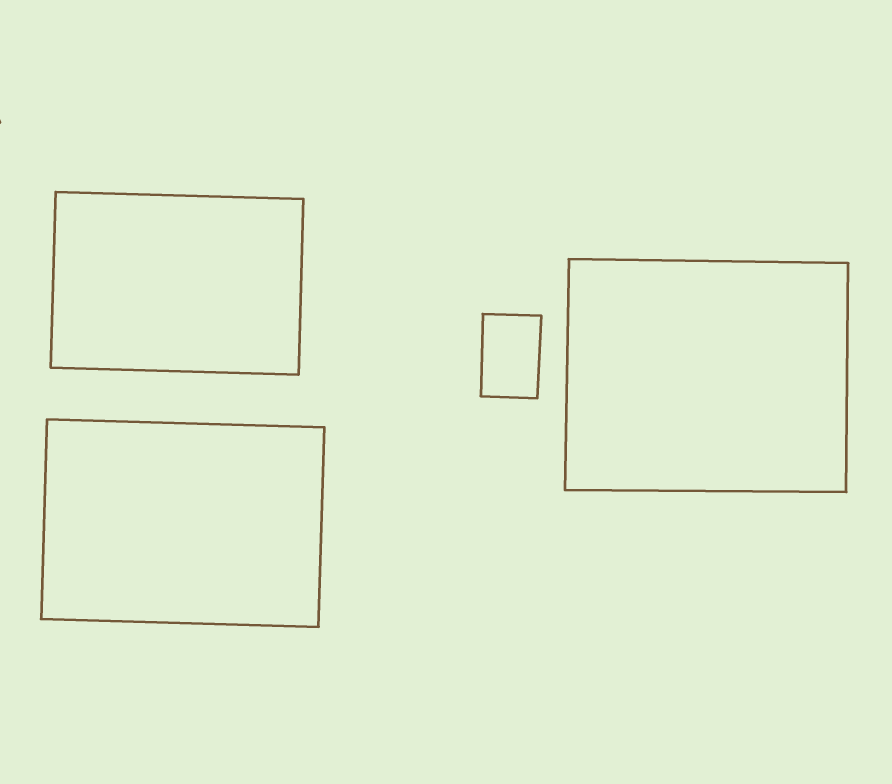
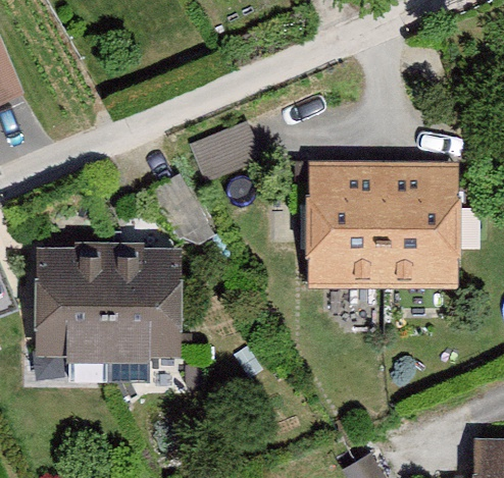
building: [51,192,303,375] -> none

